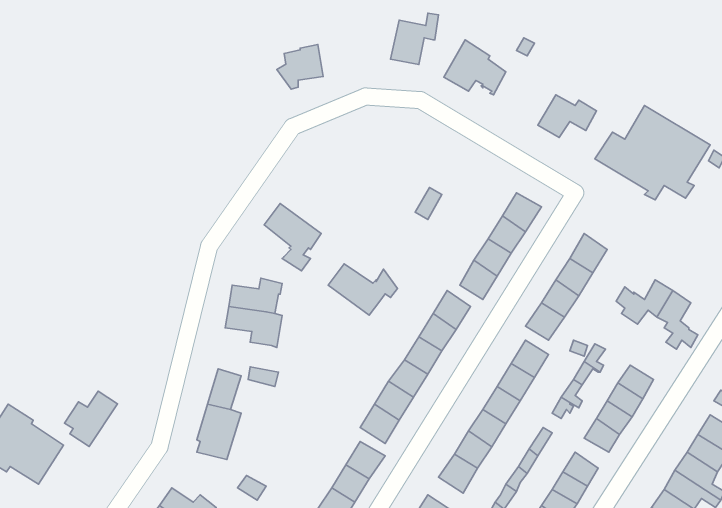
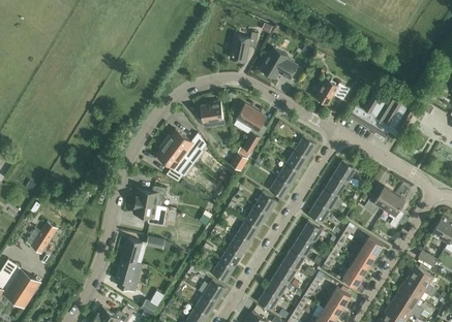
building: [277,45,323,89] -> [195,101,222,127]
building: none -> [236,104,265,131]
building: [328,264,398,315] -> [164,130,205,160]
building: [64,391,118,446] -> [26,222,57,254]

